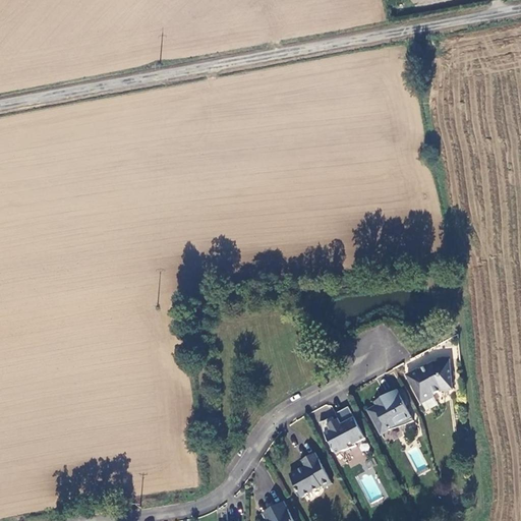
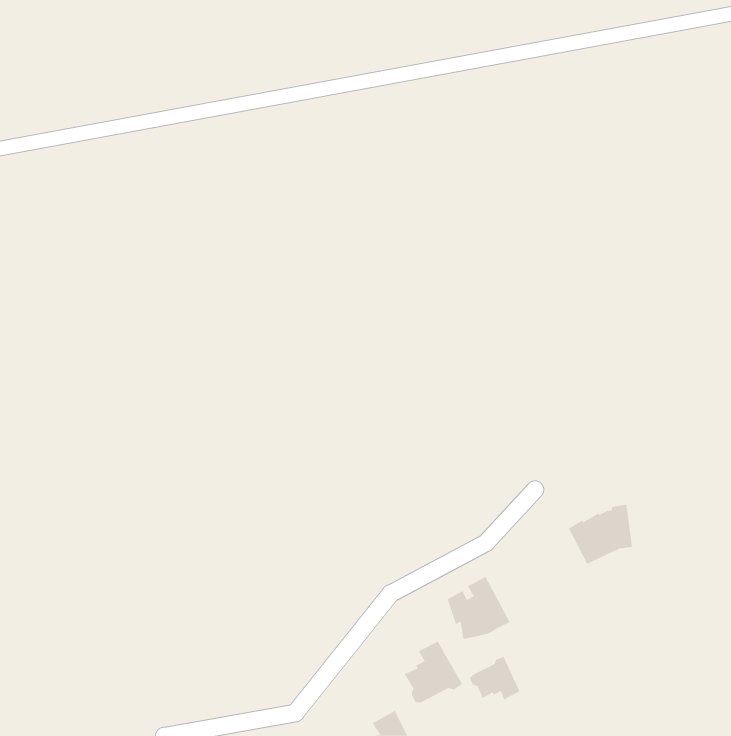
building: [365,388,412,432] -> none
building: none -> [469,656,520,700]

